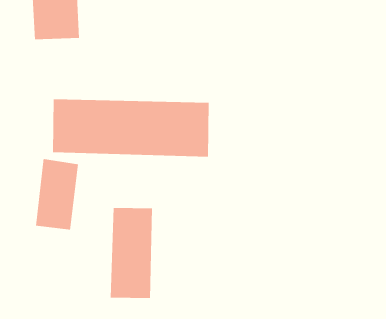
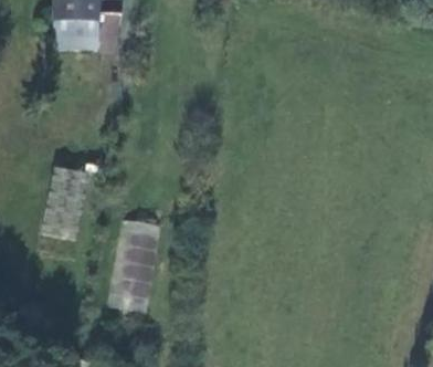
building: [52,99,209,158] -> none

